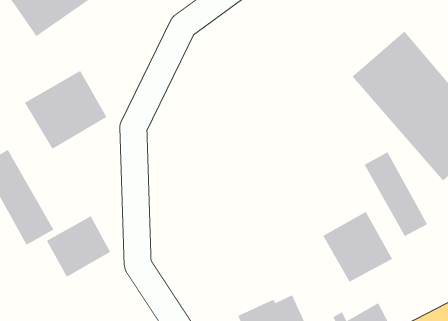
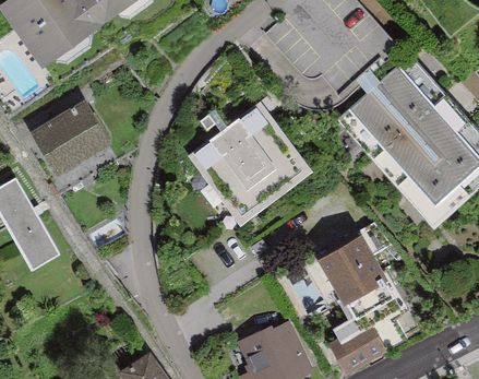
building: none -> [187,100,313,226]
building: [363,151,428,237] -> none
building: [46,215,111,278] -> none

